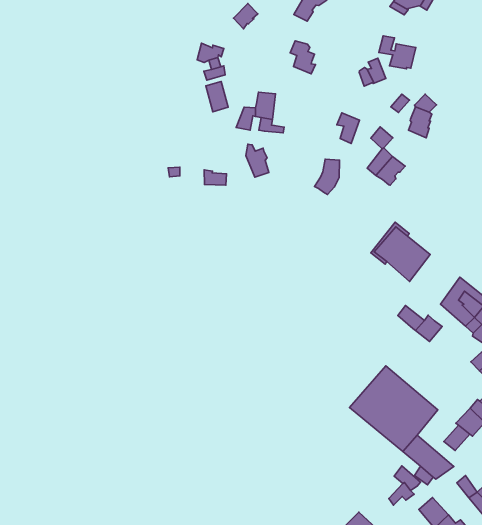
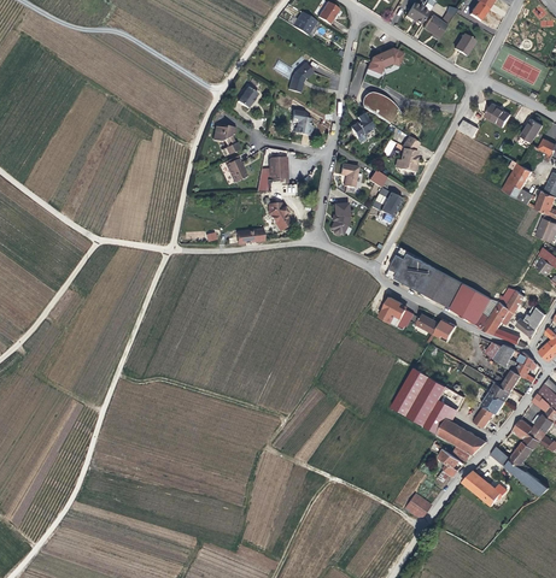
building: none -> [422,269,463,308]
building: none -> [379,296,414,329]

